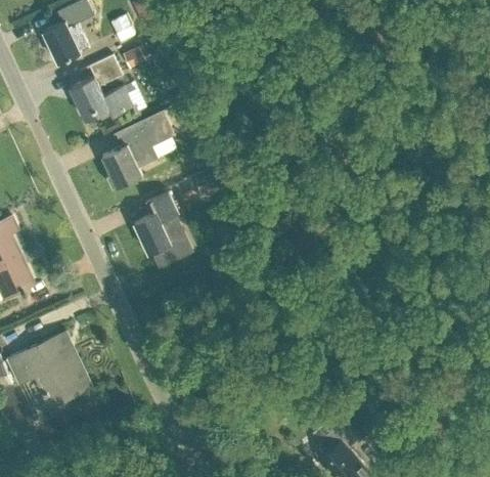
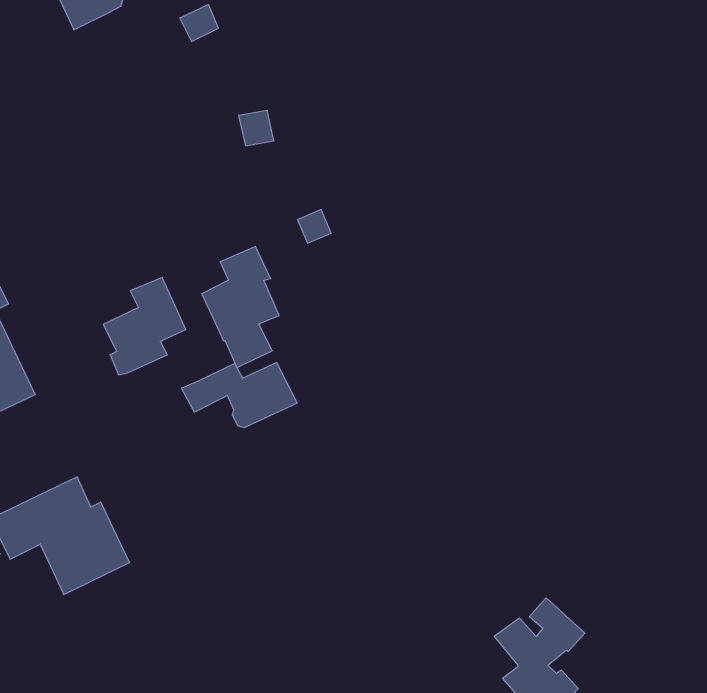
building: [71,55,133,120] -> none
building: [102,127,152,186] -> [103,277,186,375]
building: none -> [182,362,297,428]

